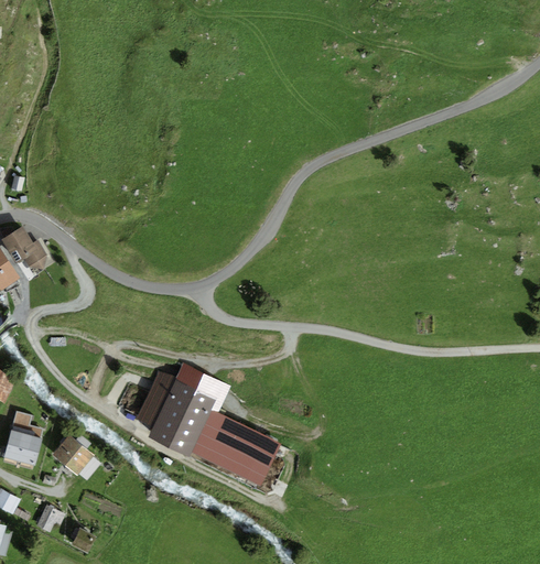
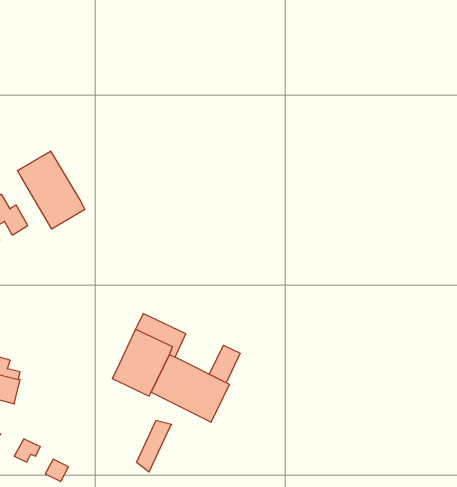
building: none -> [17,151,85,229]
building: [136,371,175,430] -> [137,421,172,472]
building: none -> [209,345,240,383]
building: [51,434,94,475] -> none

